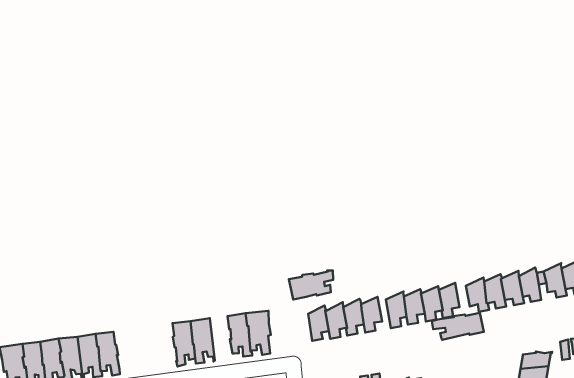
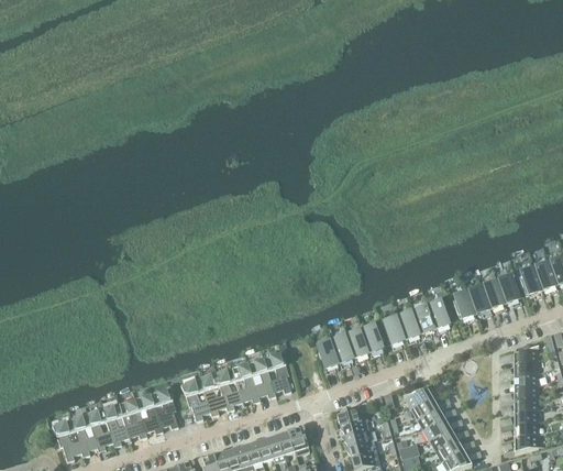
building: [289,270,333,299] -> none
building: [432,313,484,340] -> none
building: none -> [232,363,260,404]
building: none -> [180,377,210,419]
building: none -> [150,387,177,427]

